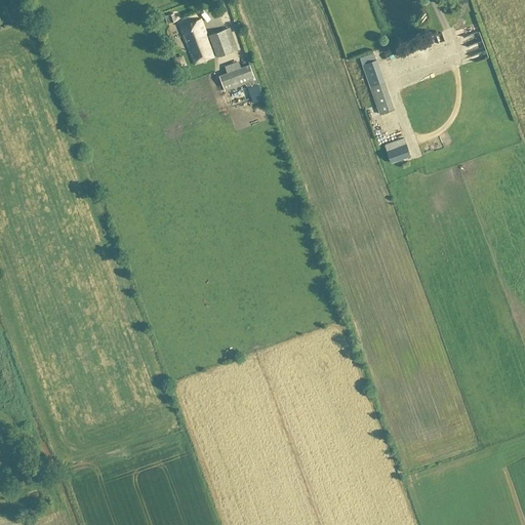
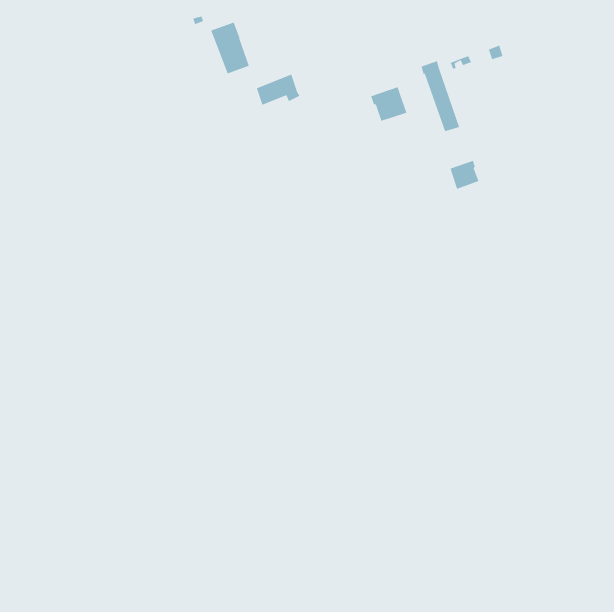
building: [209,29,232,55] -> none
building: none -> [370,86,408,122]

